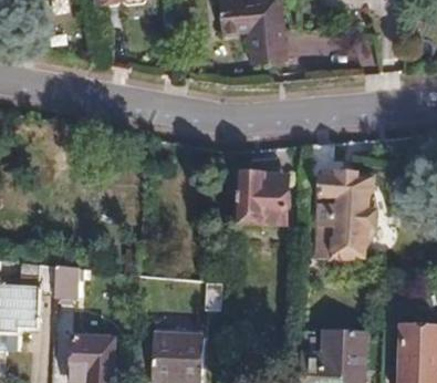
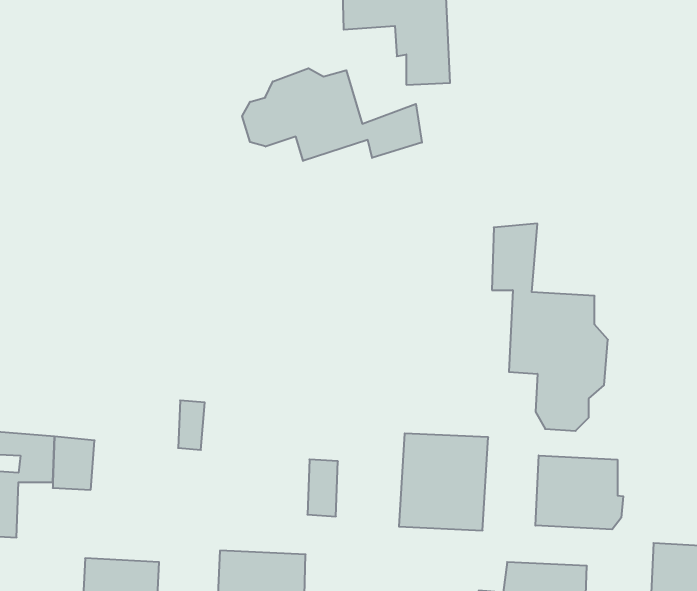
building: none -> [242,68,422,161]
building: [235,168,287,225] -> [399,433,488,530]
building: none -> [535,455,623,529]

